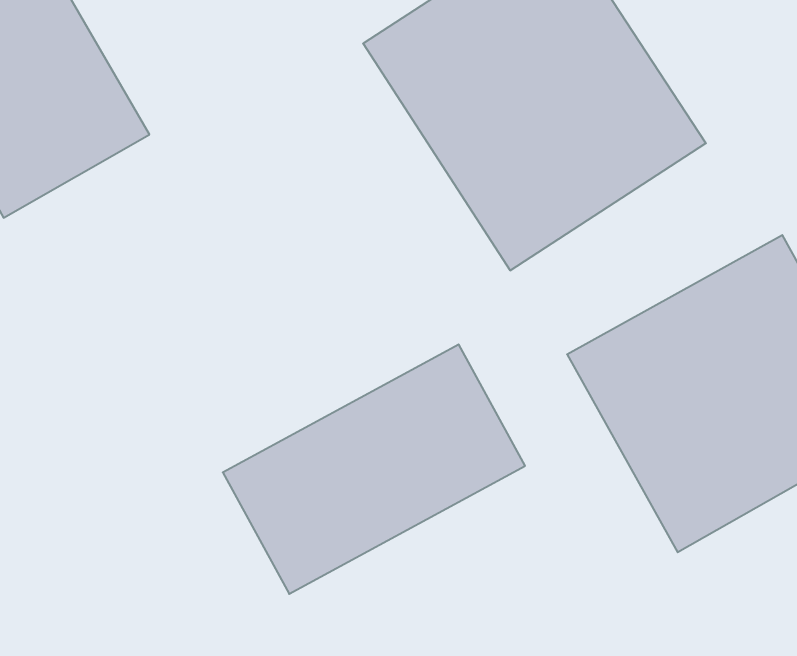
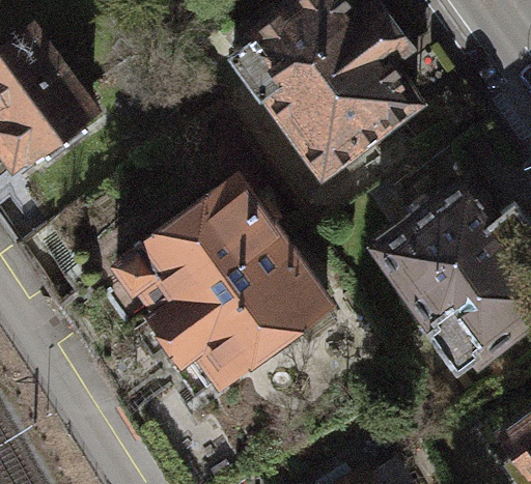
building: none -> [109,167,297,330]

